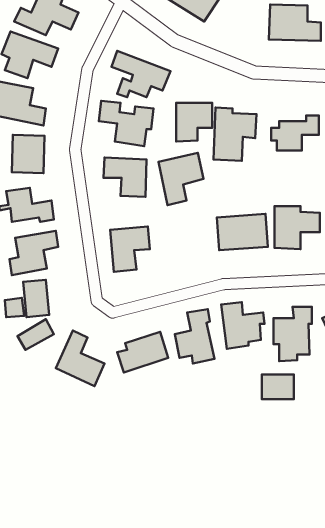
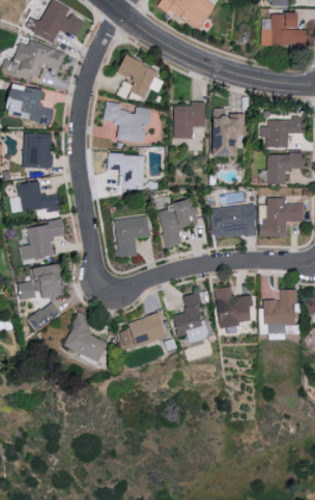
building: [158,153,204,205] -> [156,200,198,247]
building: none -> [266,153,302,183]
building: [262,374,294,399] -> none

